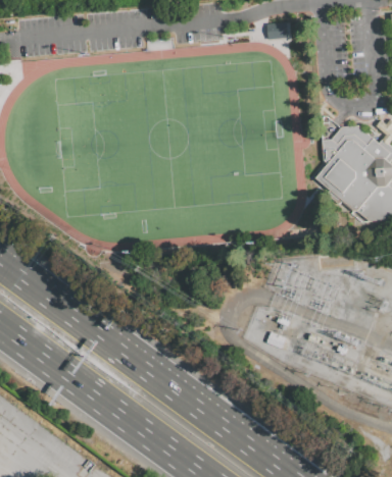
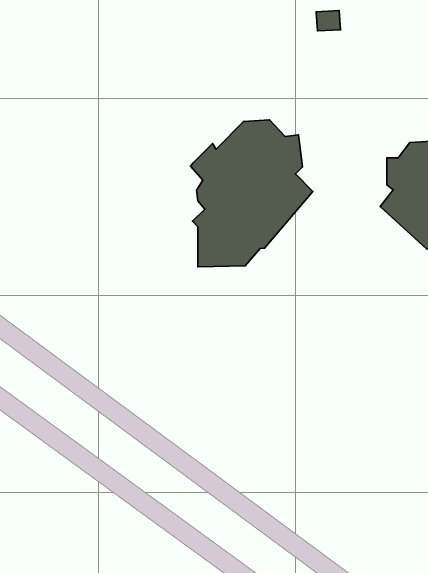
building: none -> [191,120,313,267]

